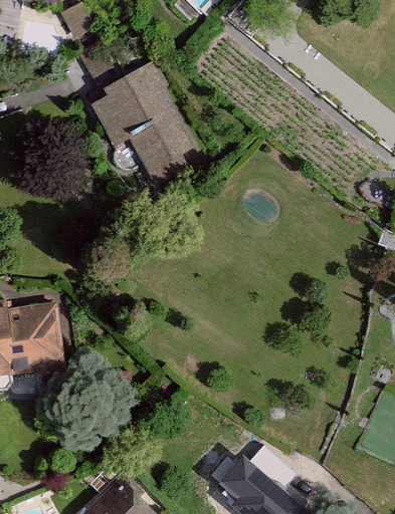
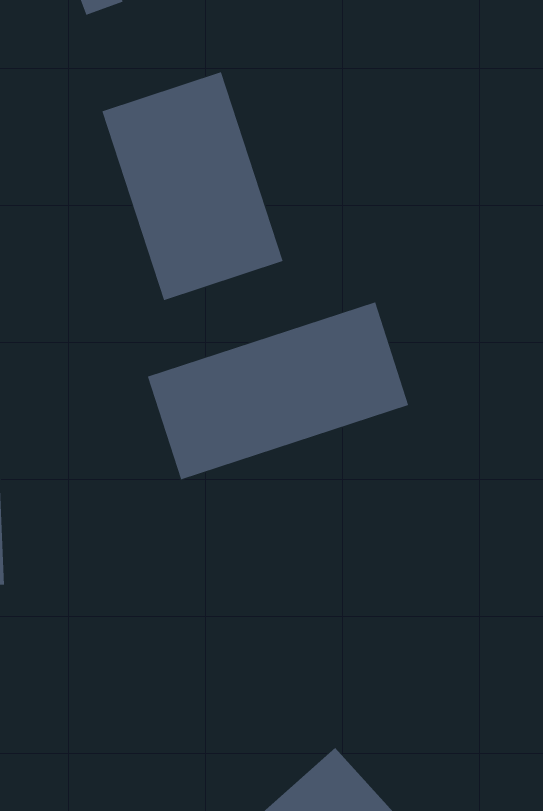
building: none -> [147,302,409,480]

